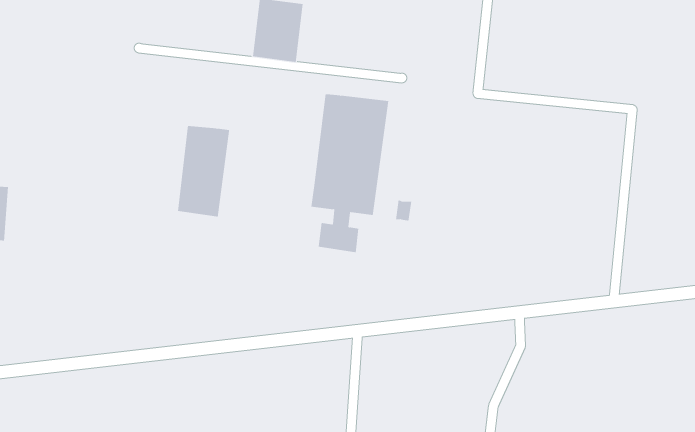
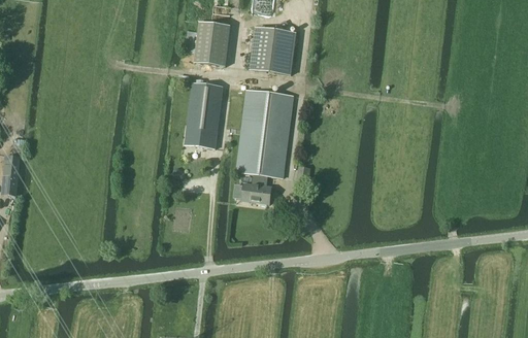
building: none -> [250,26,297,74]
building: [177,125,230,217] -> [185,81,223,147]

